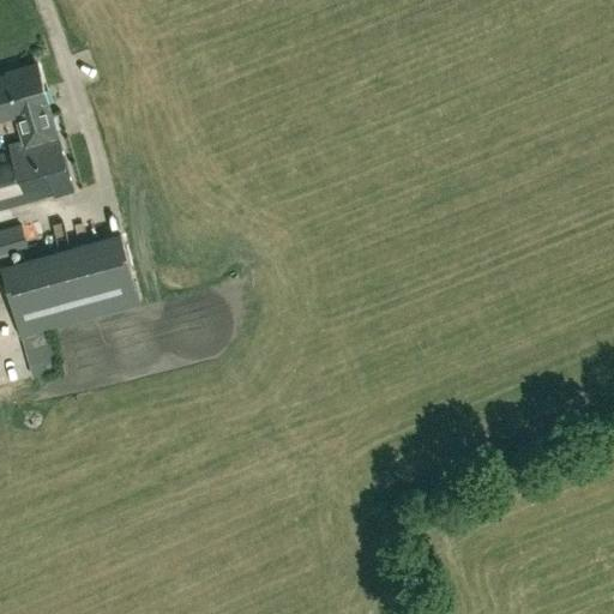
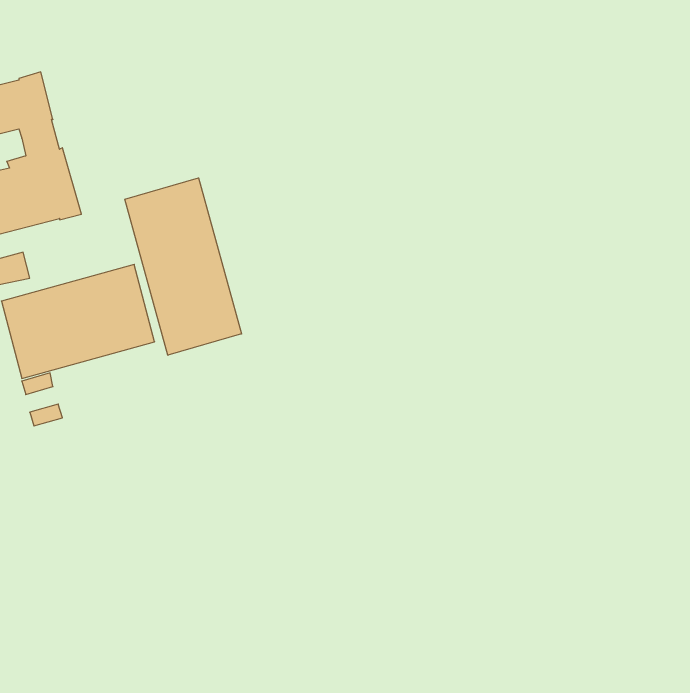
building: none -> [125,178,242,355]

